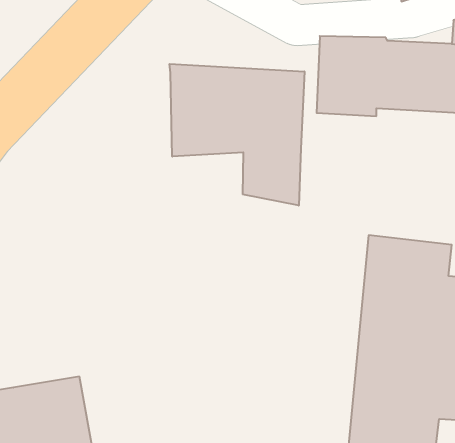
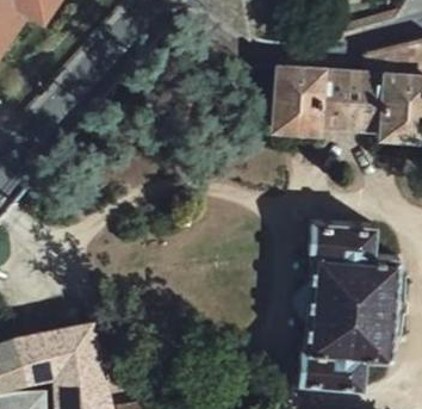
building: [170,64,304,206] -> none

